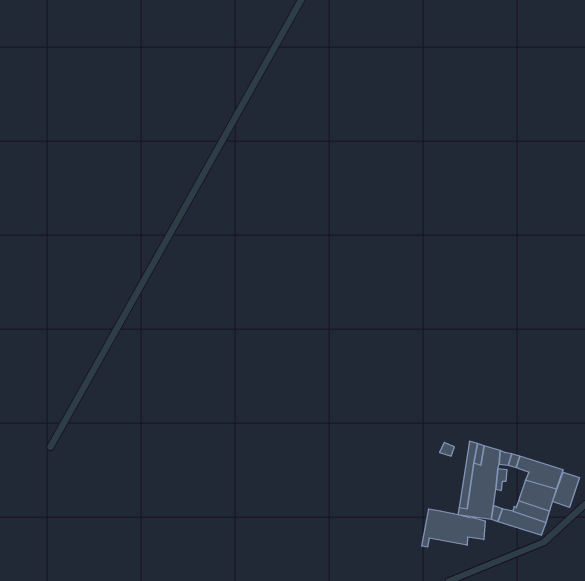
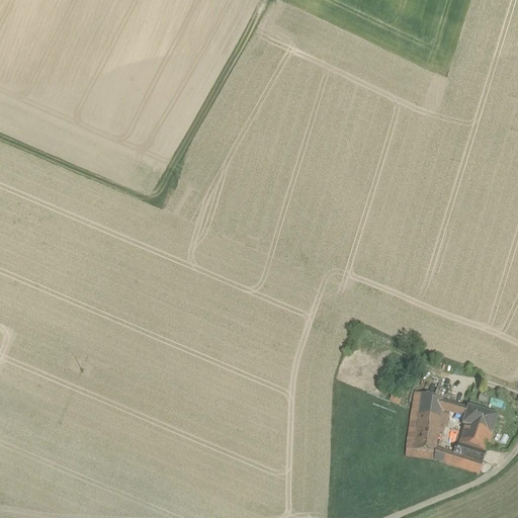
building: [553,472,579,507] -> none
building: [422,509,485,547] -> none

